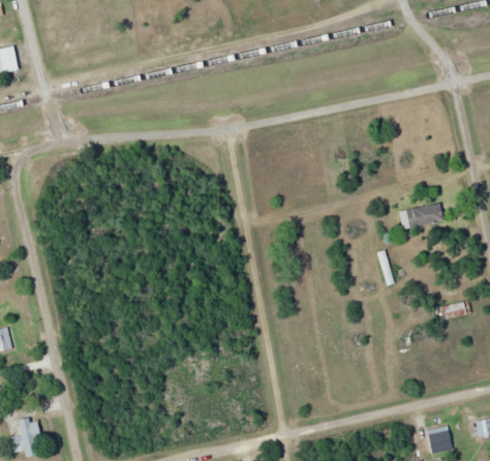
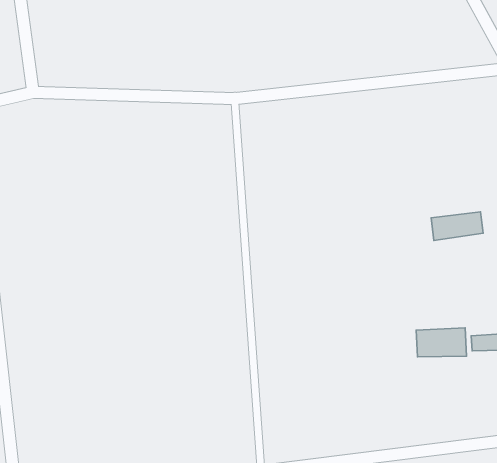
building: none -> [416,328,467,357]

